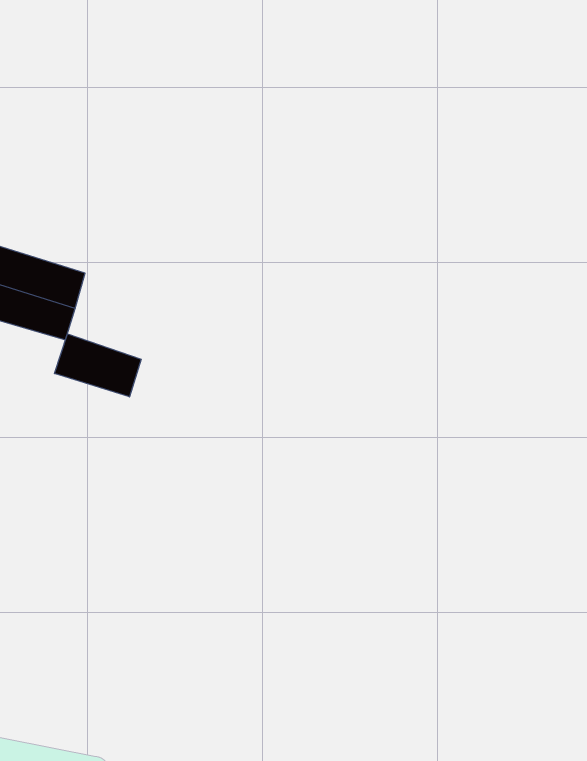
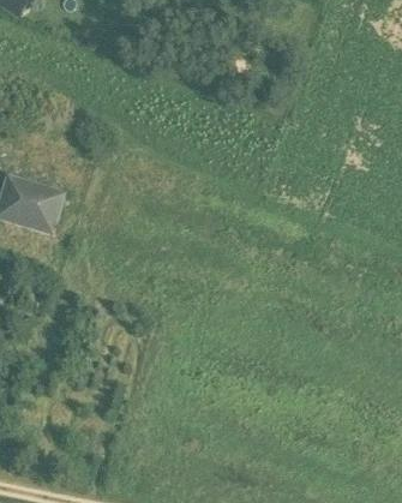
building: [55,334,141,397] -> none

